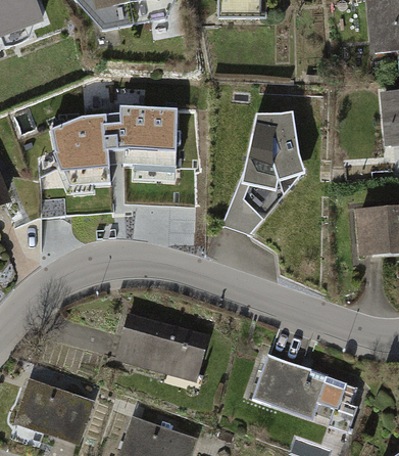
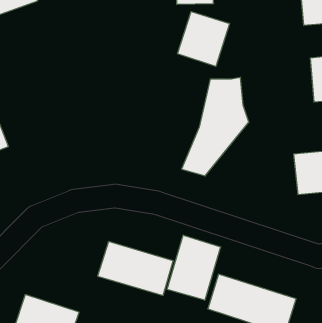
building: none -> [178,12,229,66]
building: [48,103,174,184] -> none
building: none -> [167,235,221,300]

